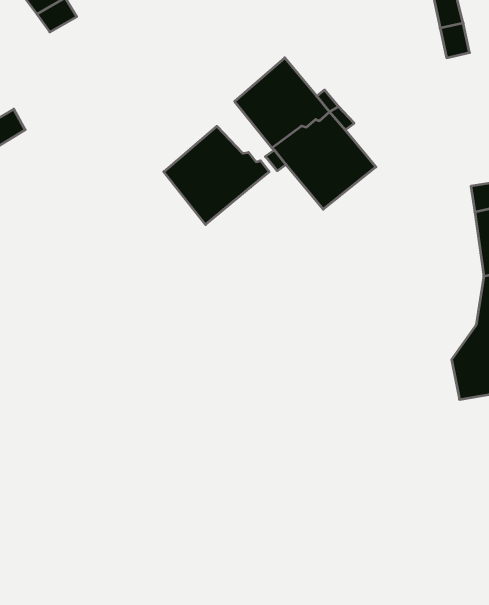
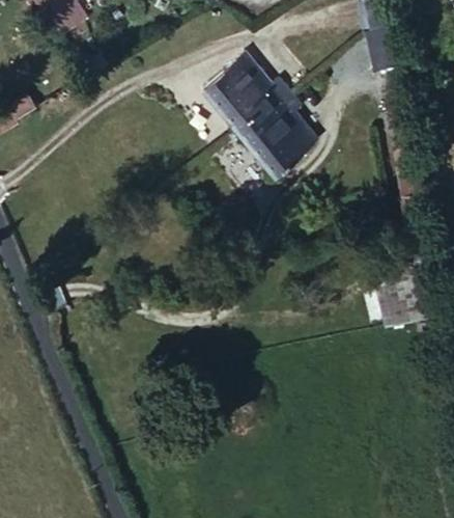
building: [164,126,269,225] -> none

